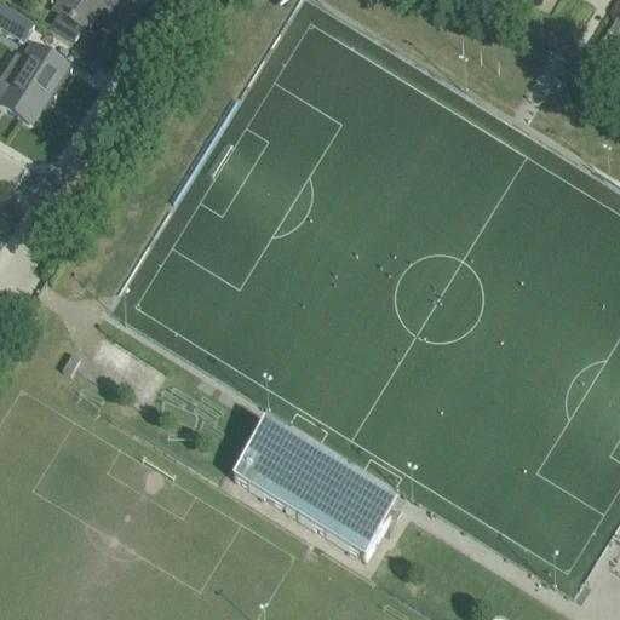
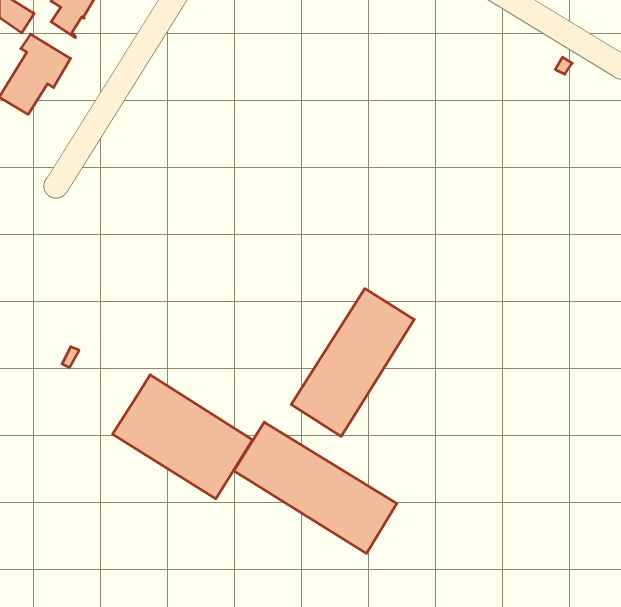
building: none -> [291,289,414,436]
building: none -> [113,375,252,499]

